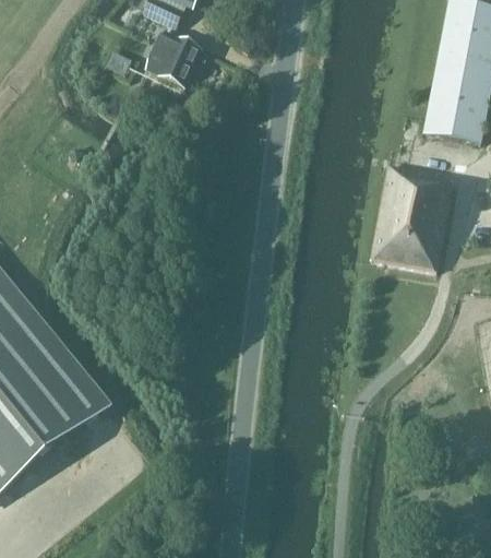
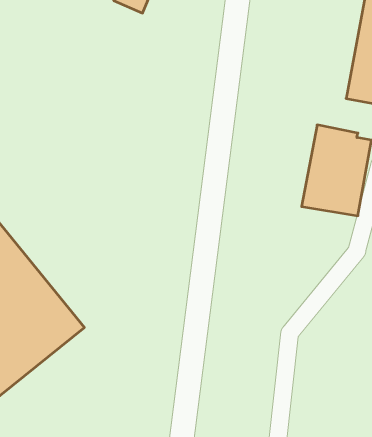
building: [146,26,206,85] -> none

